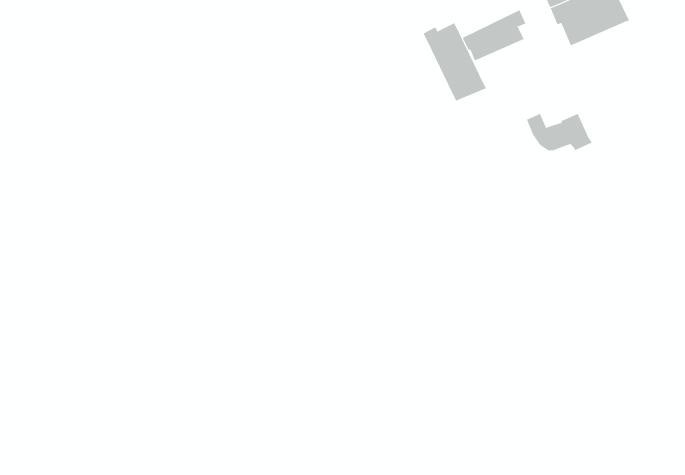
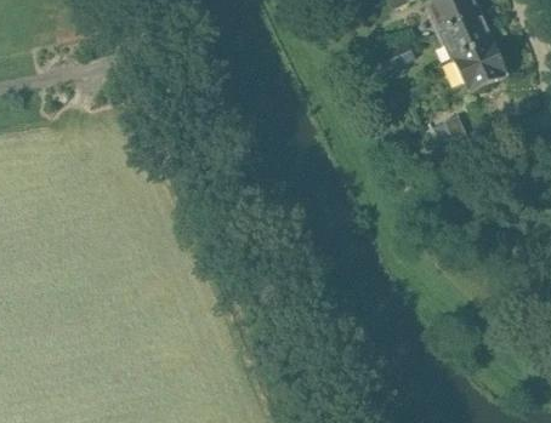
building: none -> [451,41,512,91]
building: [423,23,487,102] -> none

